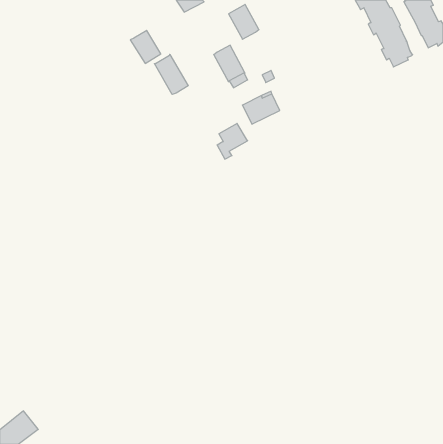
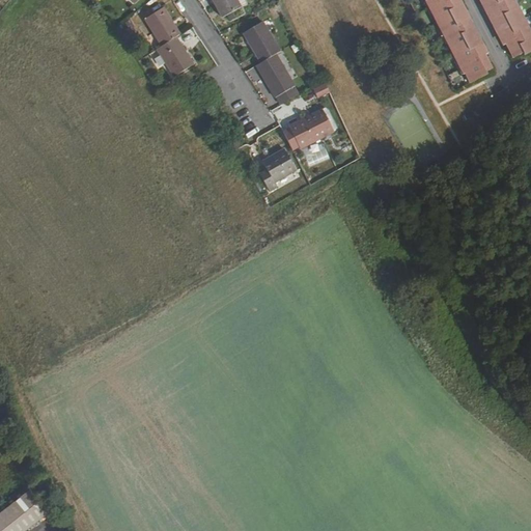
building: [229,4,259,39] -> [243,21,279,62]
building: none -> [143,6,178,46]
building: [154,54,188,94] -> none

